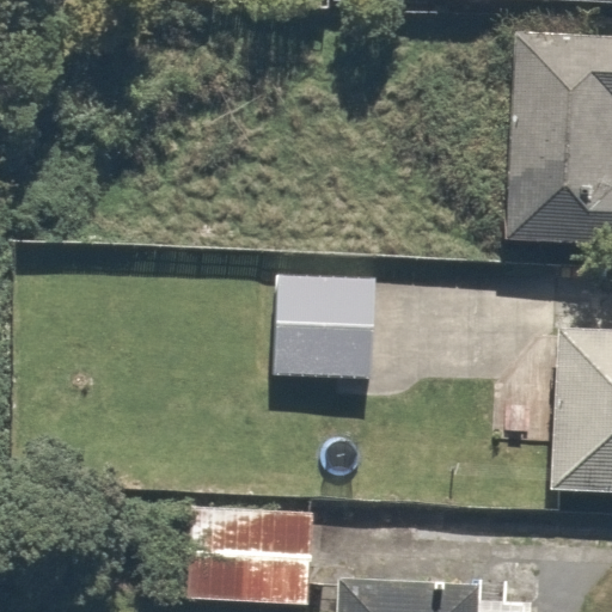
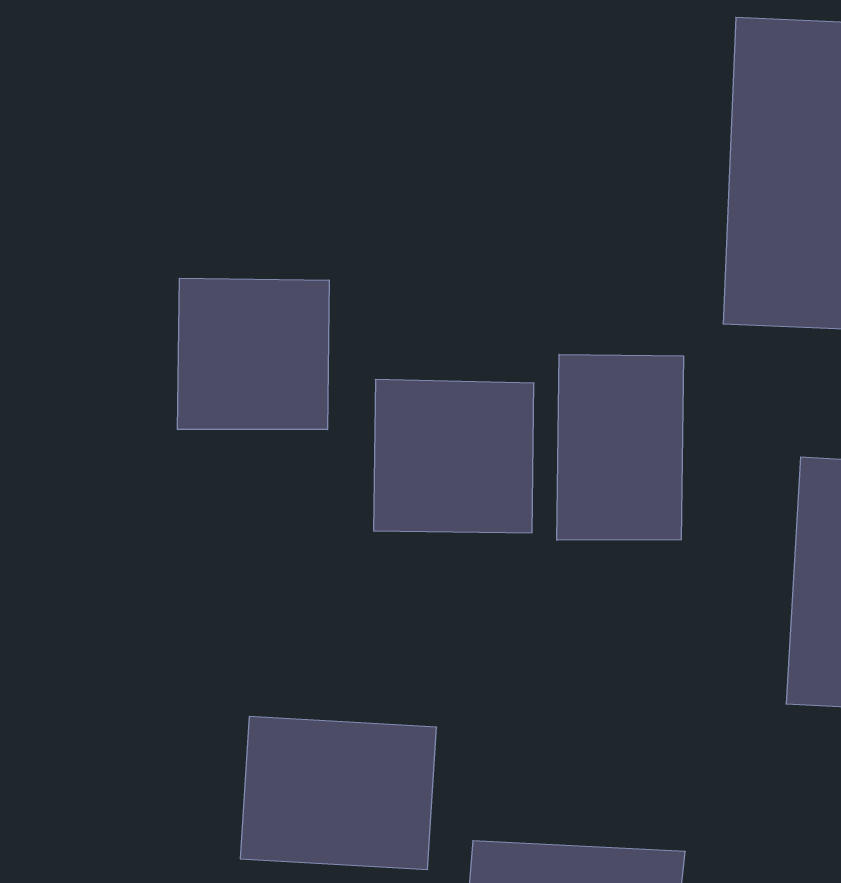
building: none -> [178,278,329,430]
building: none -> [557,354,683,540]

